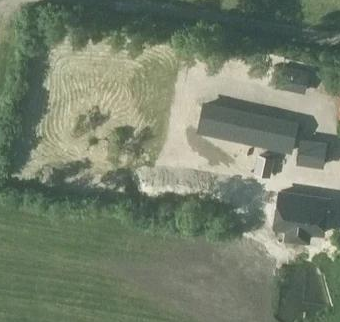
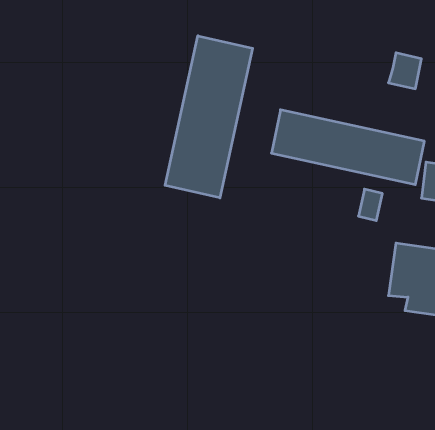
building: none -> [165,36,253,198]

